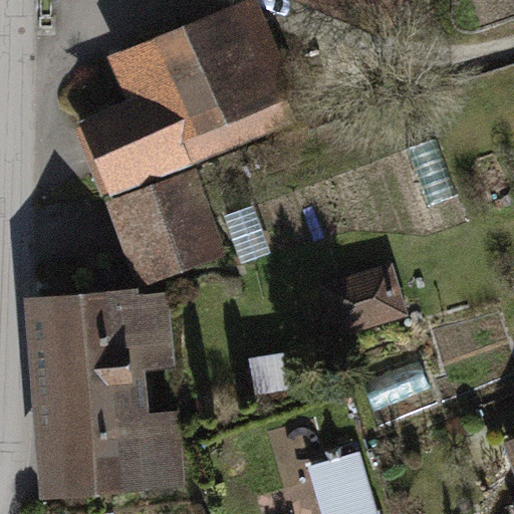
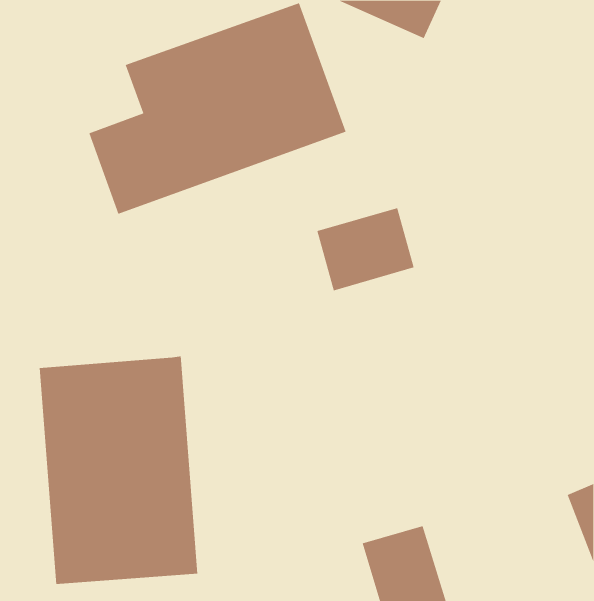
building: [104,170,218,305] -> none
building: [323,263,407,334] -> [317,207,414,291]

